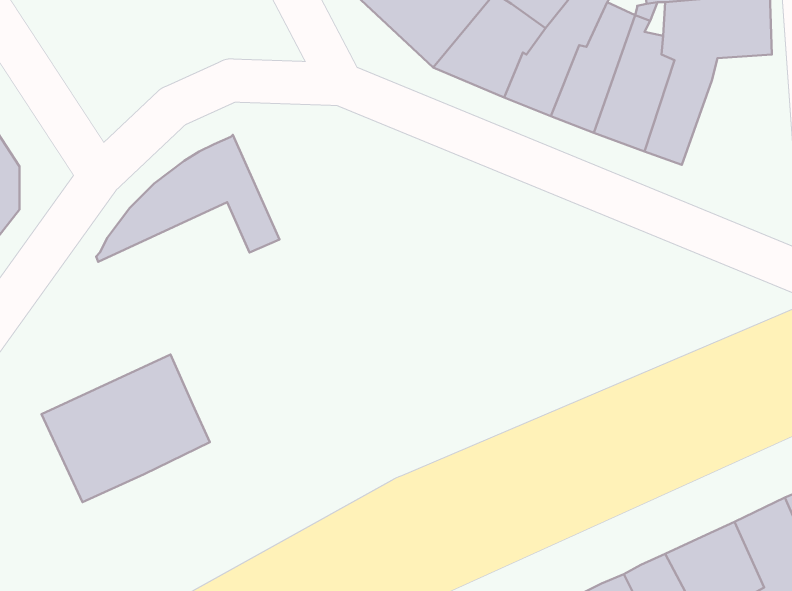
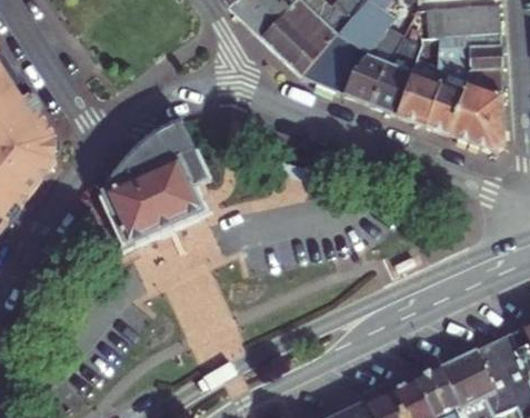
building: none -> [449,68,507,150]
building: [41,354,210,502] -> [102,156,202,243]

